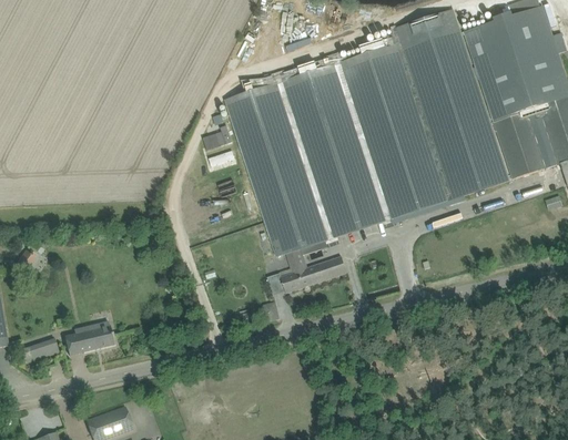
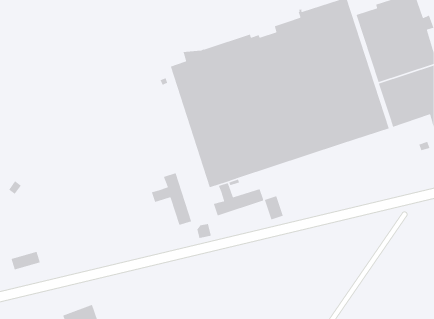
building: none -> [151,172,192,226]
building: none -> [264,195,284,220]
building: [64,324,114,355] -> none

